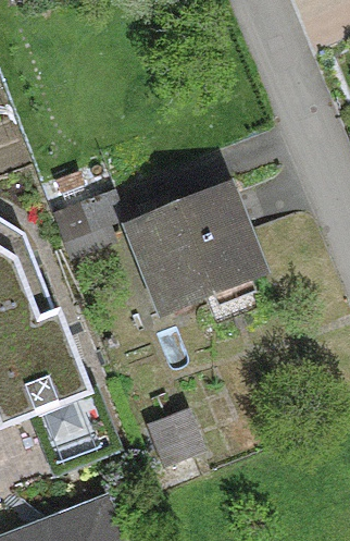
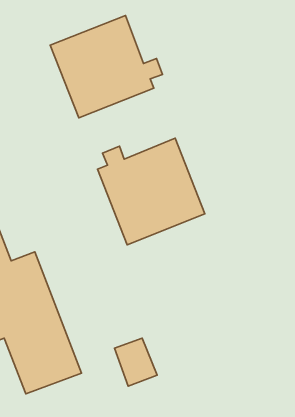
building: none -> [50,15,162,118]

